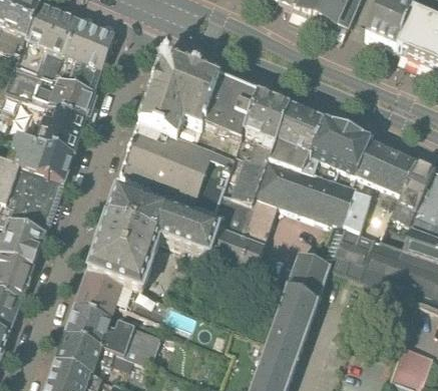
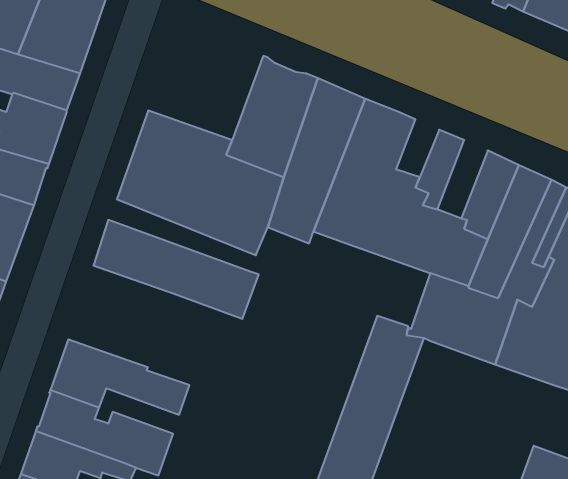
building: [142,53,221,131] -> none
building: [311,117,340,156] -> none
building: [339,131,373,184] -> none
building: [206,190,280,267] -> none
building: [88,217,160,286] -> none

